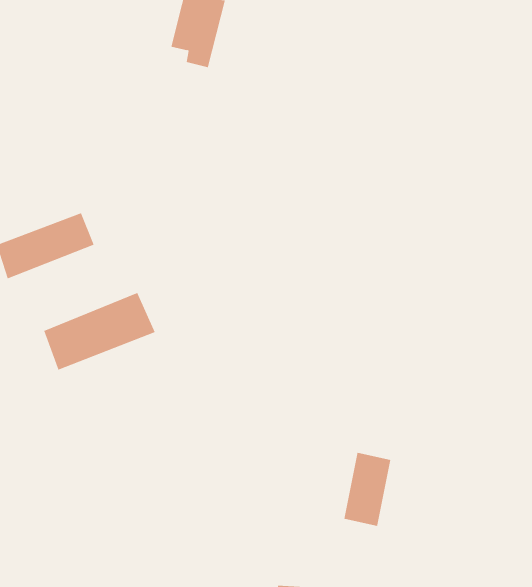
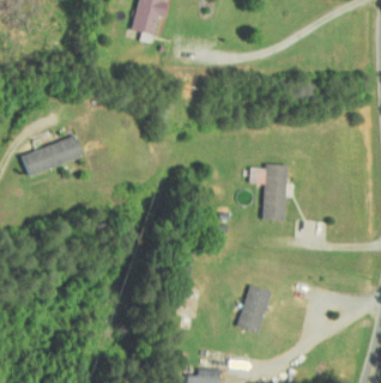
building: none -> [258,165,288,221]
building: [43,292,156,371] -> none

